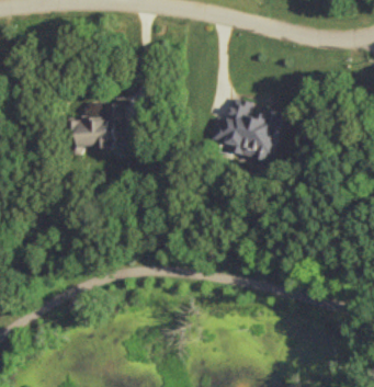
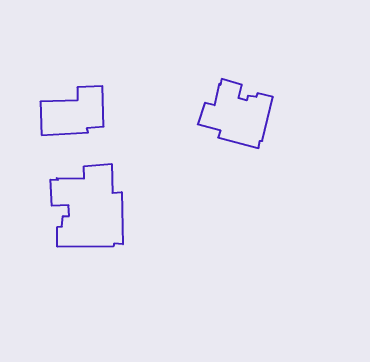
building: none -> [50,164,123,247]

